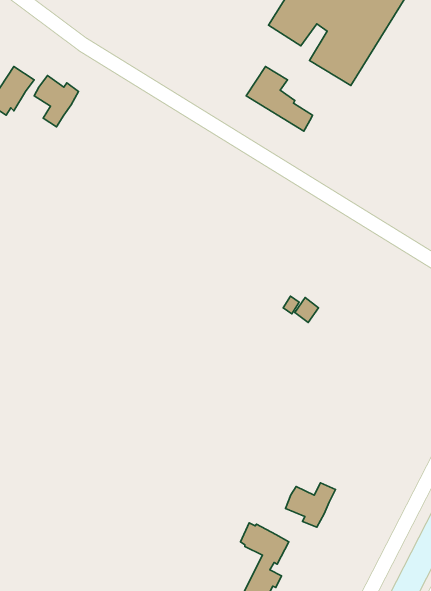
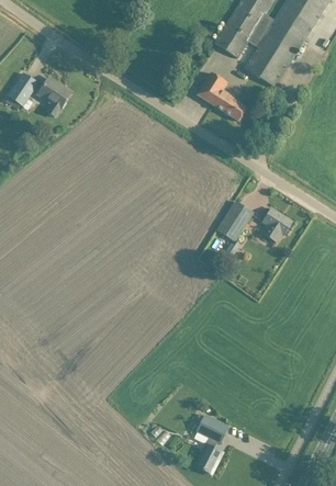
building: none -> [217,201,254,240]
building: none -> [261,207,292,242]
building: [286,483,335,527] -> none

